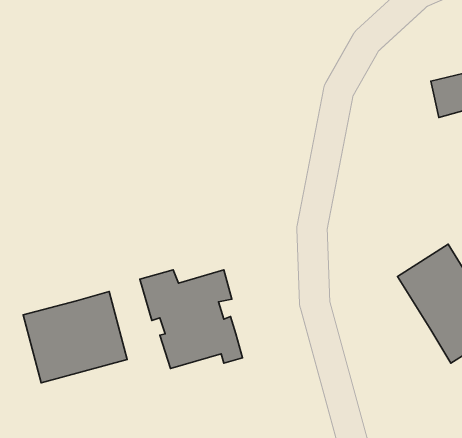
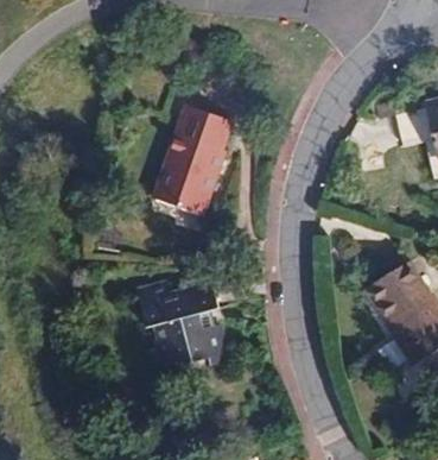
building: none -> [153,105,231,216]
building: [23,291,127,383] -> none

